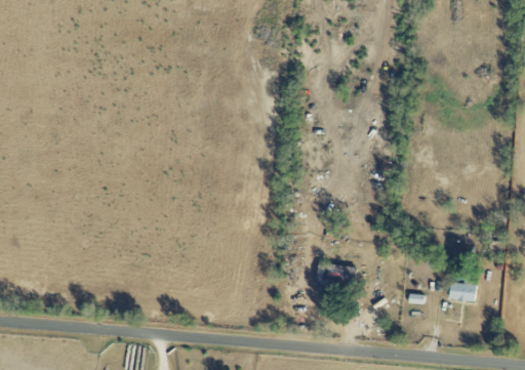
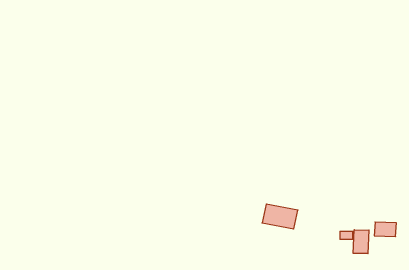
building: none -> [353,230,369,254]

